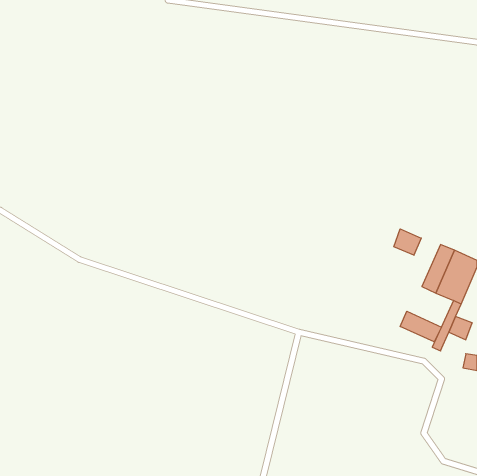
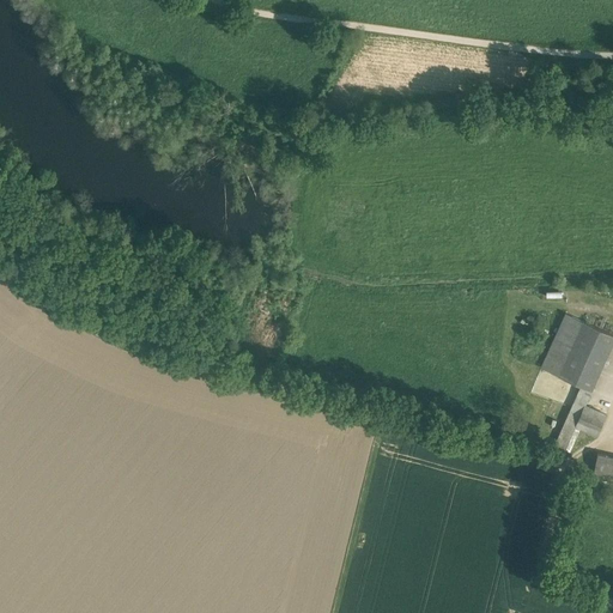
building: [394,229,421,255] -> none
building: [400,311,441,342] -> none

